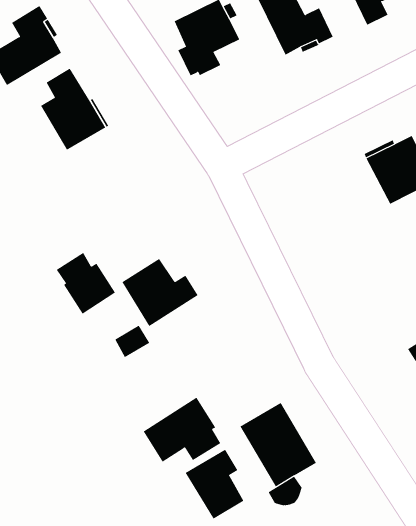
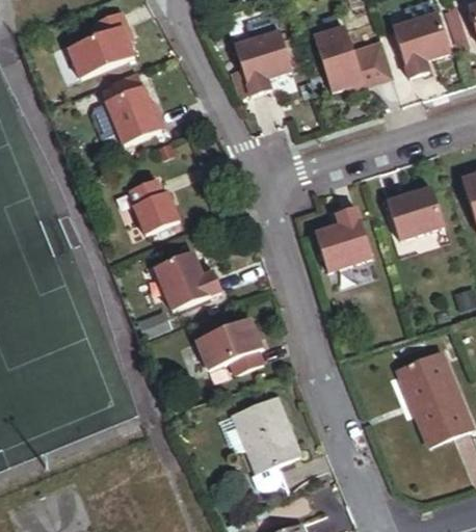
building: none -> [316,204,373,272]
building: [56,252,116,315] -> [127,180,177,235]
building: [143,397,221,462] -> [193,318,261,374]
building: [185,449,244,519] -> none

